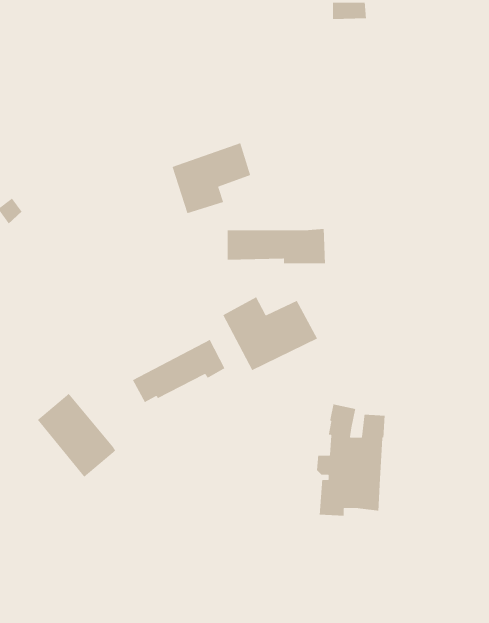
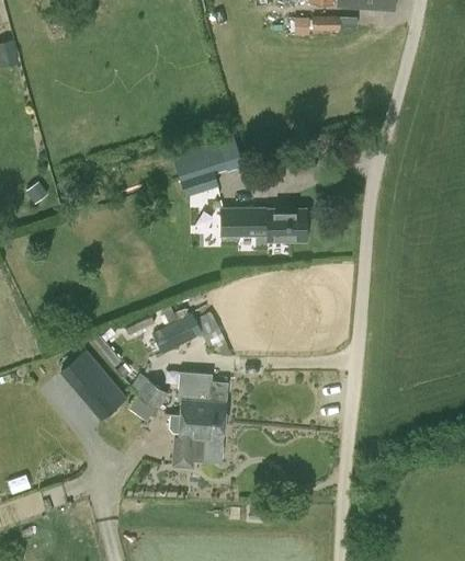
building: [222,296,318,371] -> none
building: [316,403,386,517] -> [169,373,228,469]
building: none -> [129,375,169,410]

